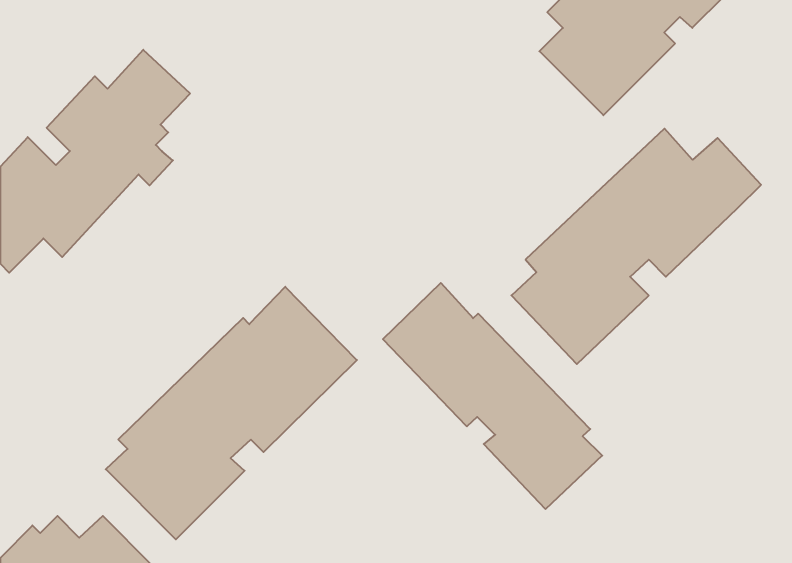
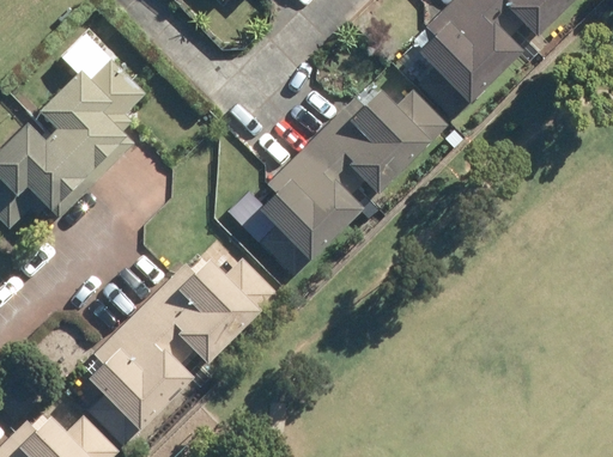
building: [511,129,761,364] -> [254,84,445,264]
building: [383,283,602,509] -> none

